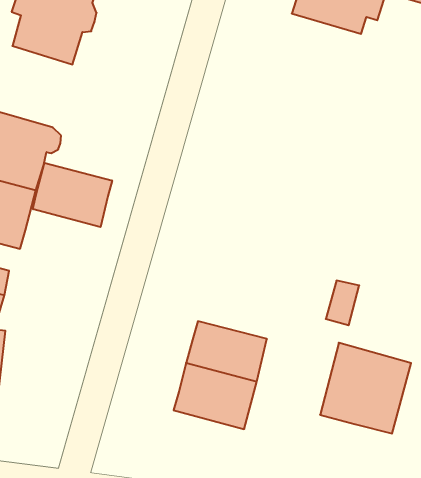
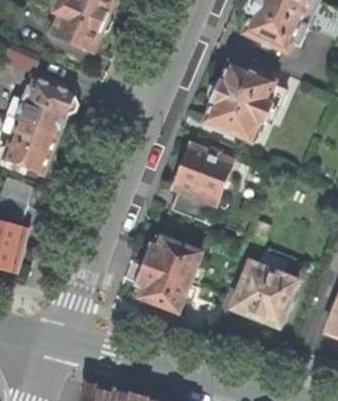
building: none -> [204,66,286,141]
building: [33,163,112,227] -> none
building: none -> [172,145,235,221]

